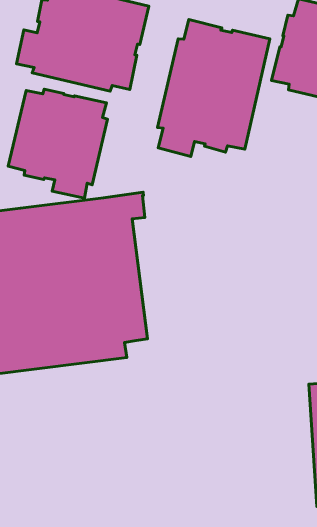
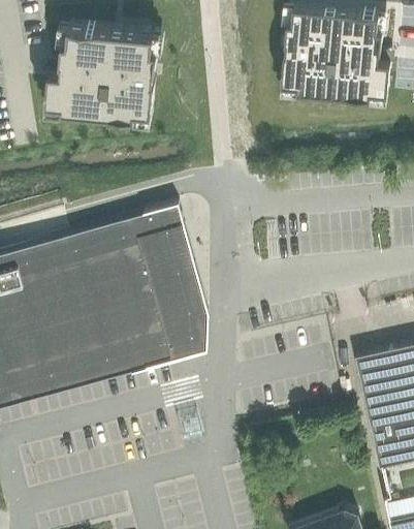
building: [157,19,270,156] -> none
building: [8,89,108,198] -> none

